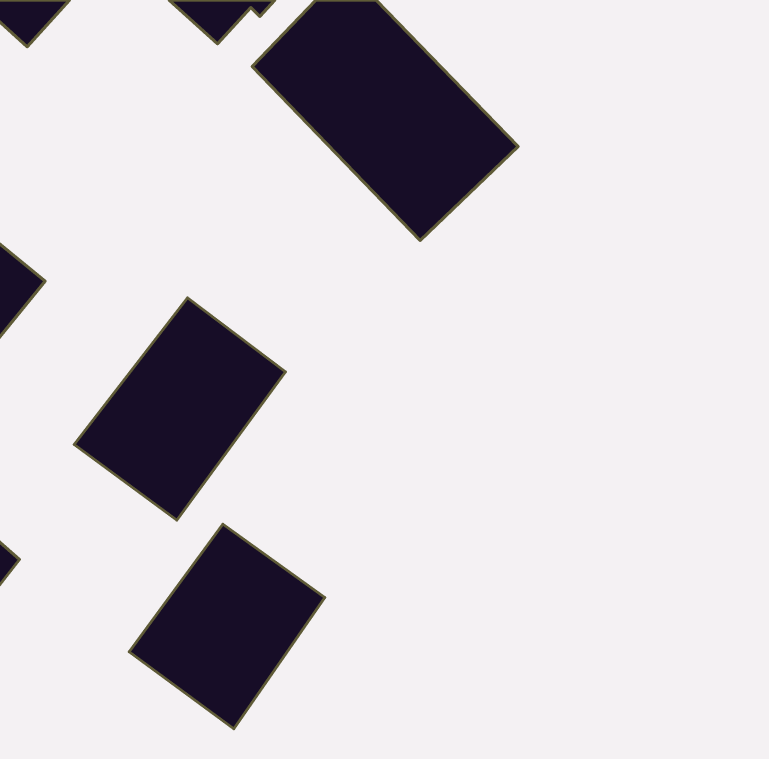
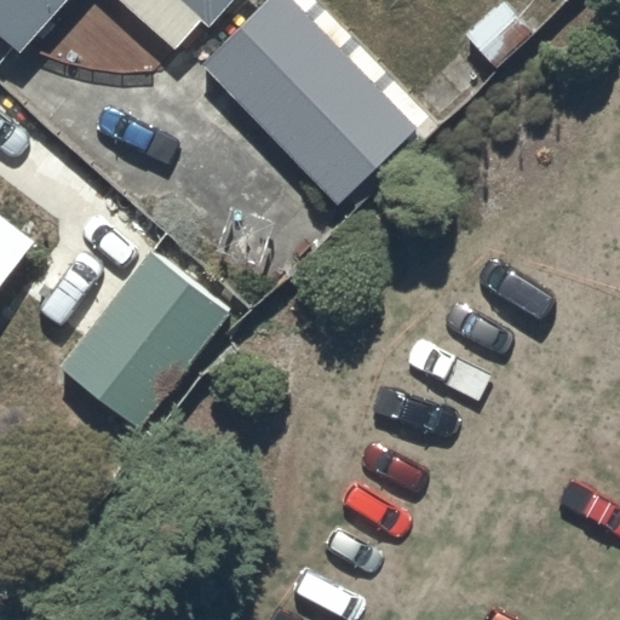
building: [129,524,325,729] -> none

